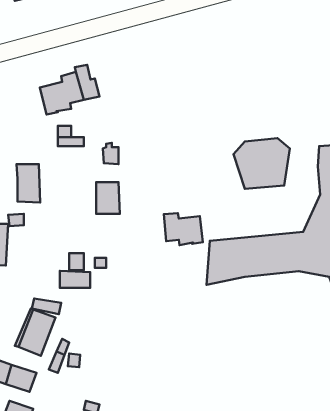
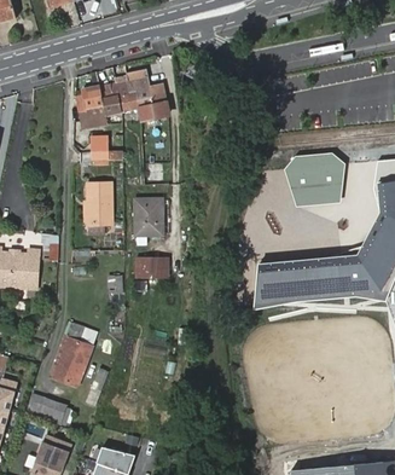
building: none -> [127,68,168,117]
building: [16,164,40,202] -> [88,183,114,224]
building: [164,213,203,245] -> none
building: [60,271,90,288] -> [134,259,167,277]

